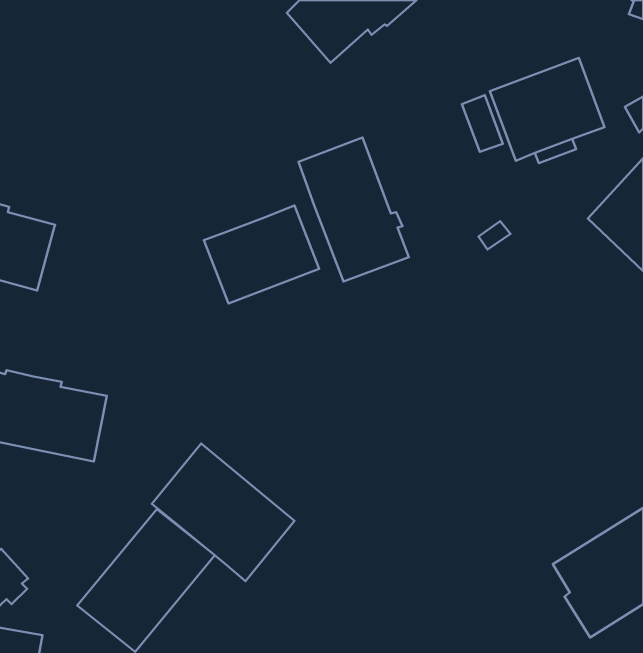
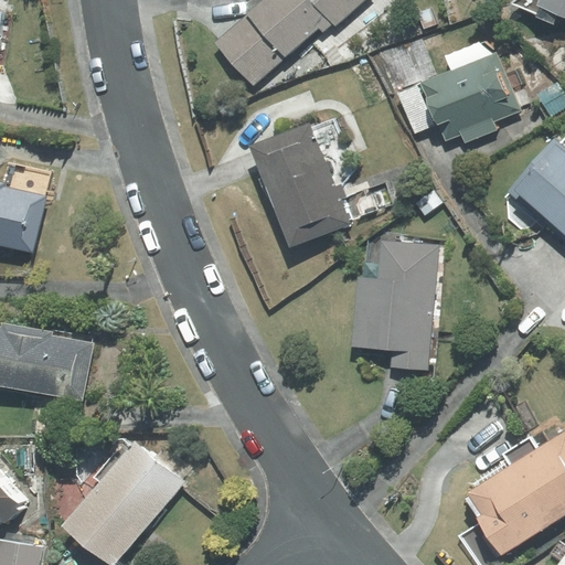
building: none -> [212,14,284,86]
building: [204,206,319,304] -> none
building: none -> [351,243,434,371]
building: [152,444,295,581] -> none

